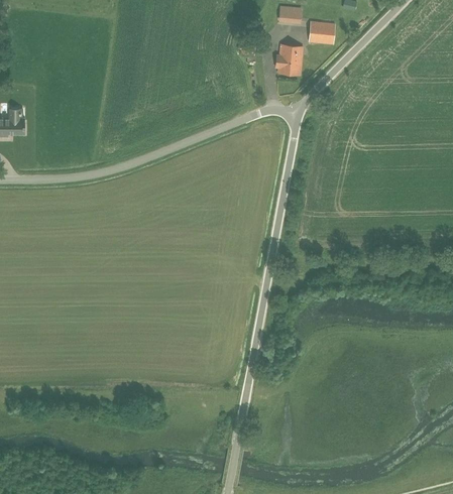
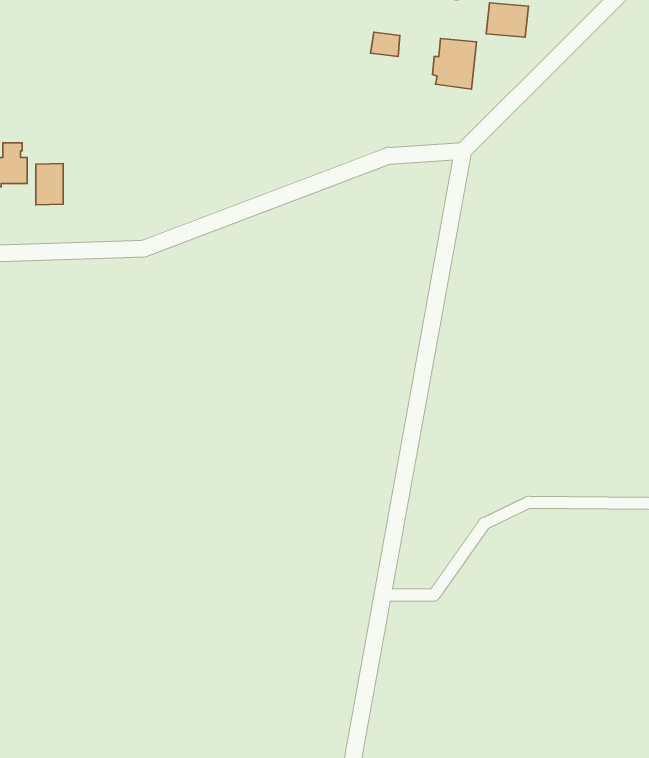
building: none -> [36,163,63,205]

